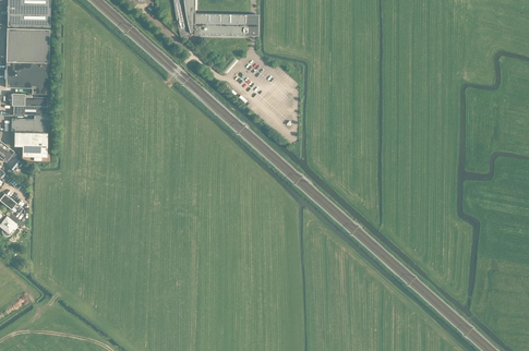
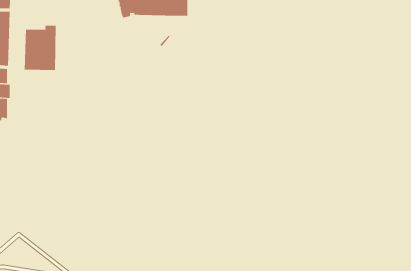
building: none -> [24,25,56,71]

